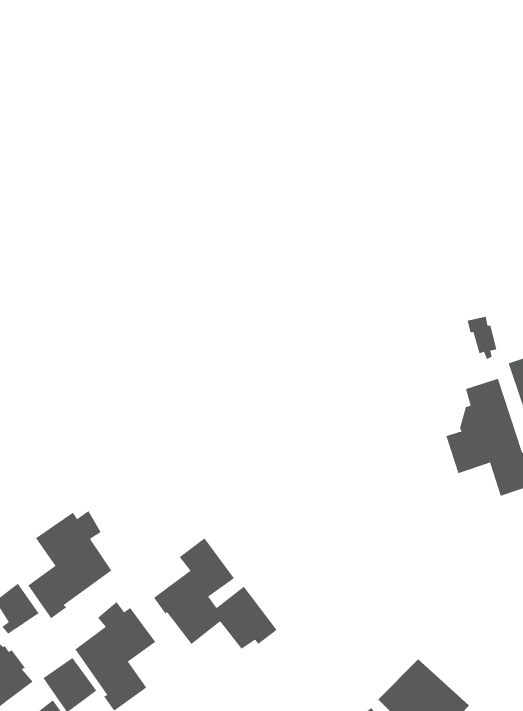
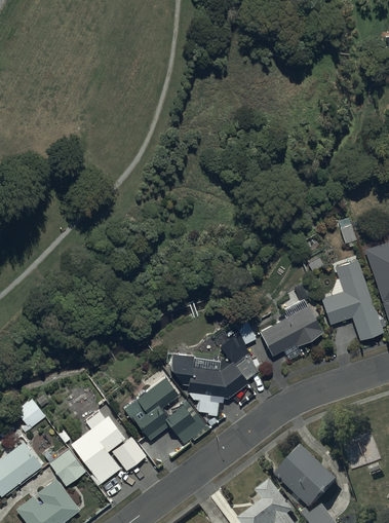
building: none -> [260,281,323,359]
building: none -> [166,322,265,415]
building: [28,510,112,619] -> none
building: none -> [112,437,146,471]

